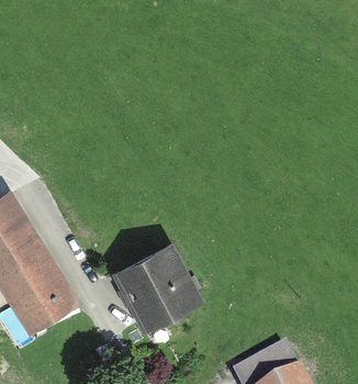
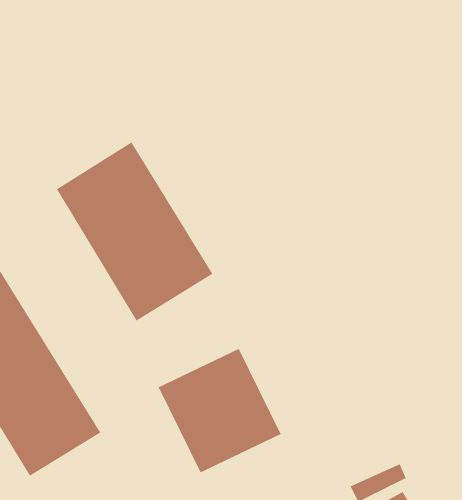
building: none -> [56,141,213,321]

